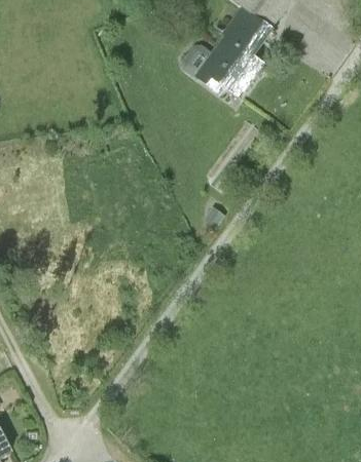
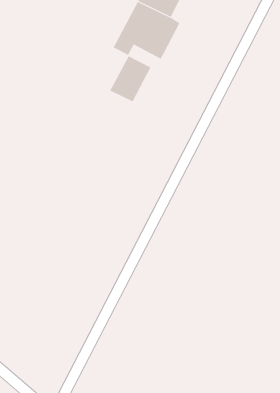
building: none -> [110,55,151,102]

